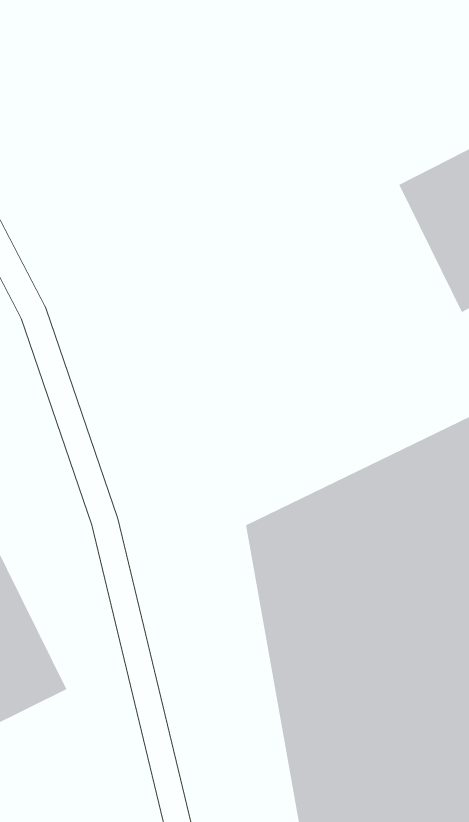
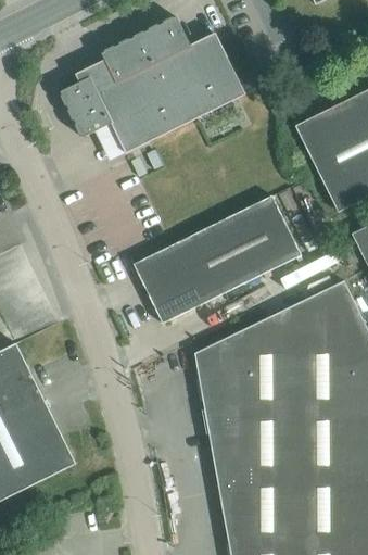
building: none -> [60,16,244,152]
building: none -> [134,195,302,324]

